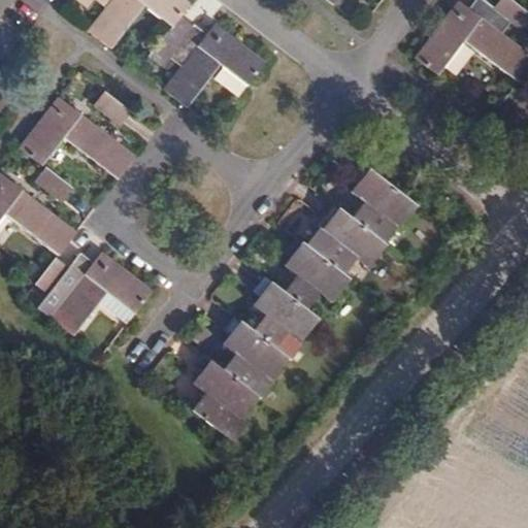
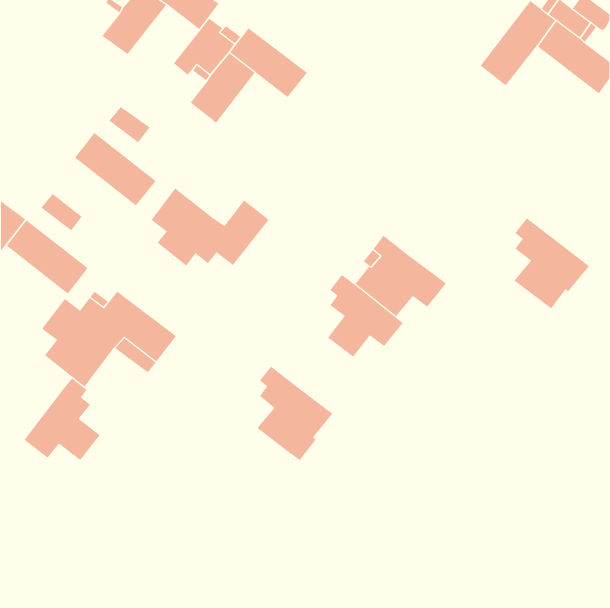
building: [20,97,81,164] -> none
building: none -> [151,187,270,266]
building: [351,164,417,243] -> [513,217,590,309]
building: [253,277,318,348] -> none
building: none -> [24,378,101,461]
building: [192,356,257,441] -> none

